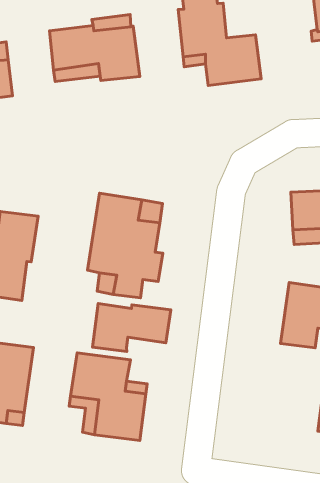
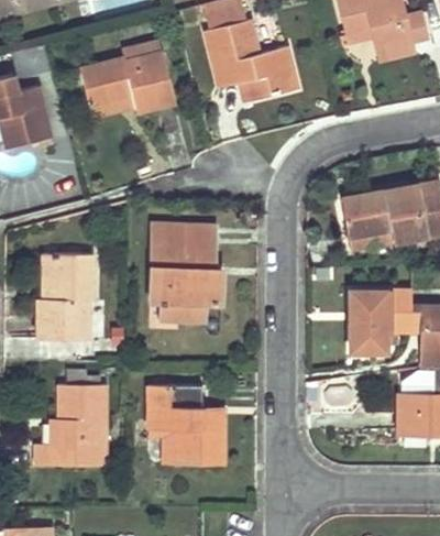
building: [92,303,171,351] -> none

